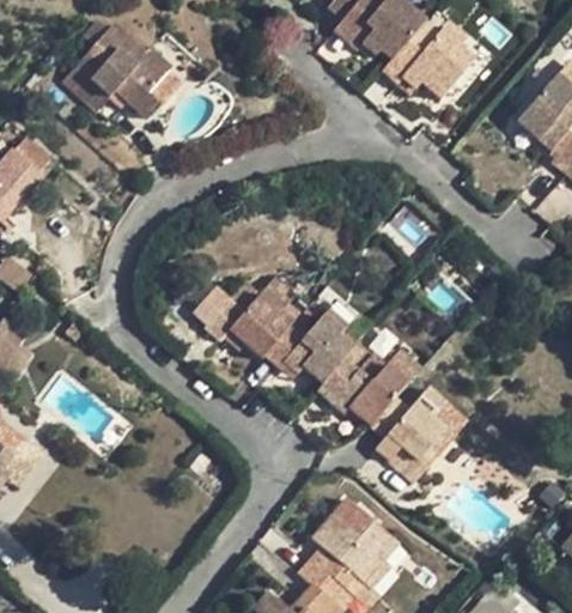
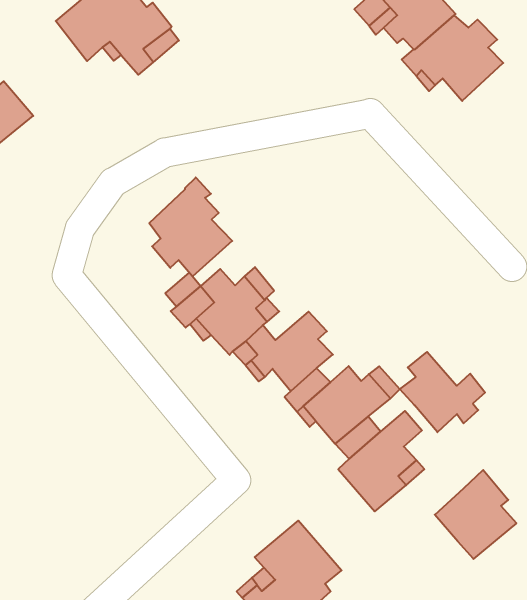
building: none -> [149,177,232,276]
building: none -> [400,352,485,432]
building: none -> [435,470,516,559]

